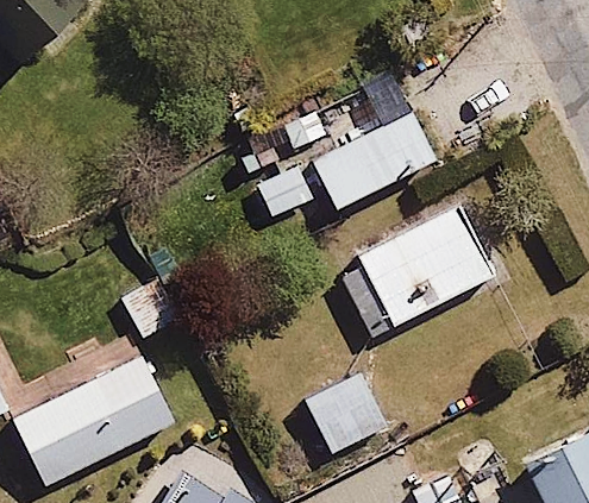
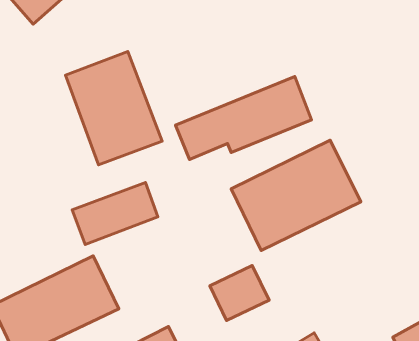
building: none -> [65,52,162,165]

